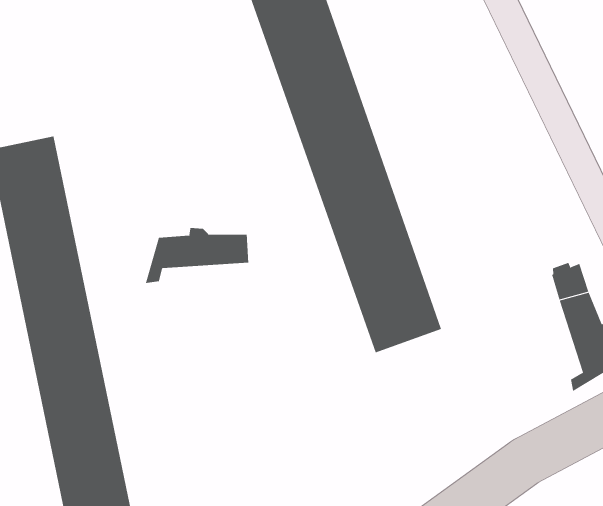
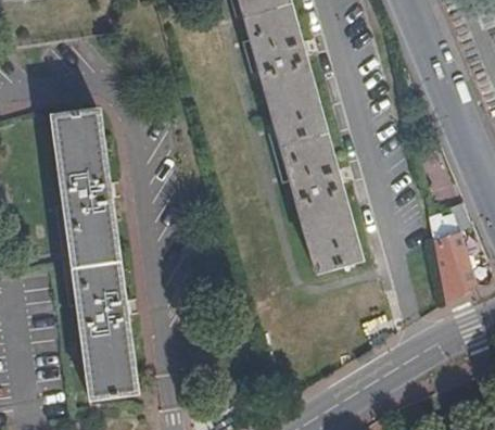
building: [145,227,249,284] -> none

